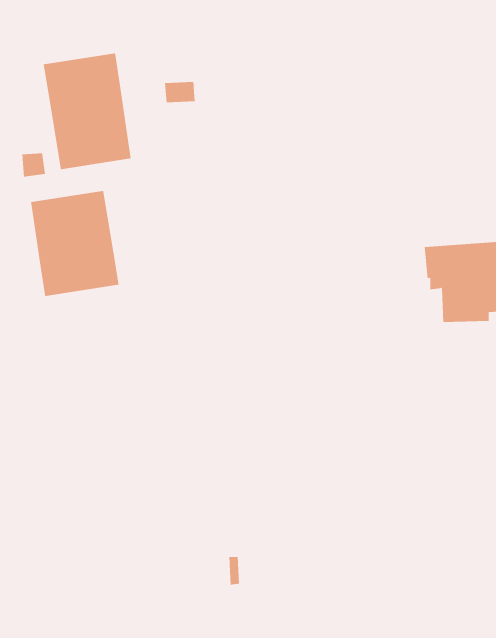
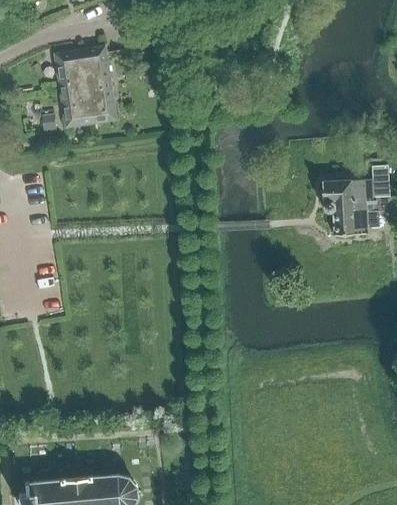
building: [30,190,119,297] -> none

